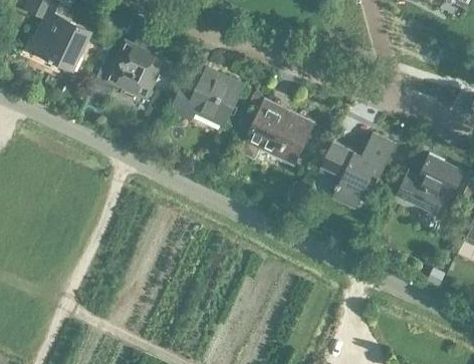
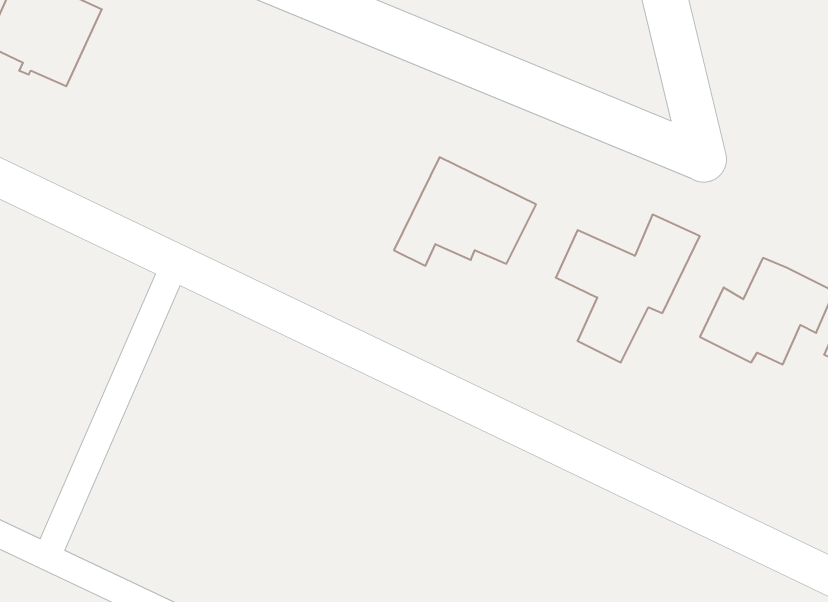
building: [89,35,173,101] -> none
building: [170,70,243,123] -> none

